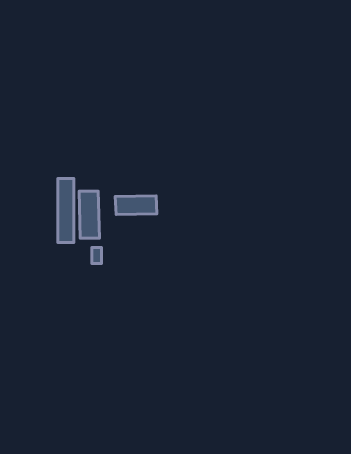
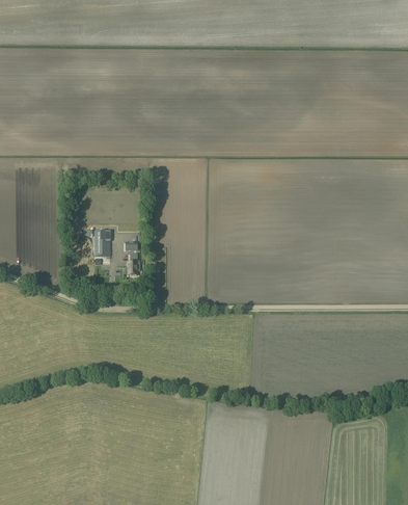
building: [115,196,157,215] -> none

